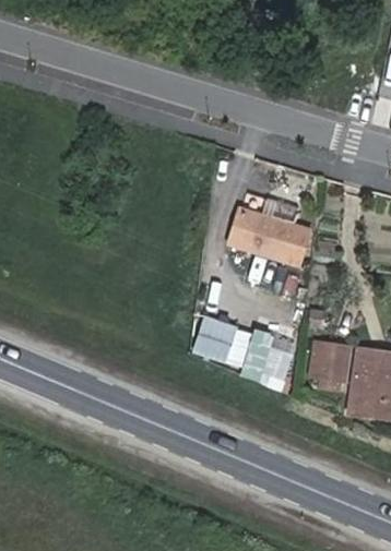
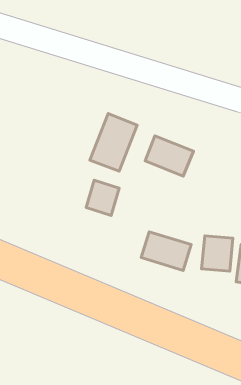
building: none -> [90,114,137,171]
building: [191,315,236,363] -> [86,180,119,215]

